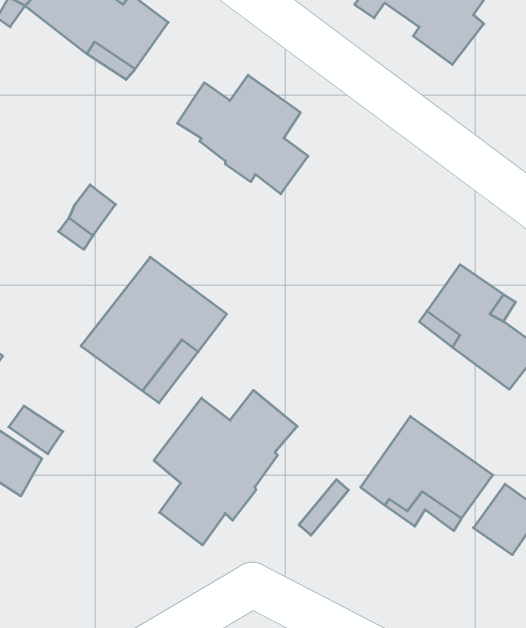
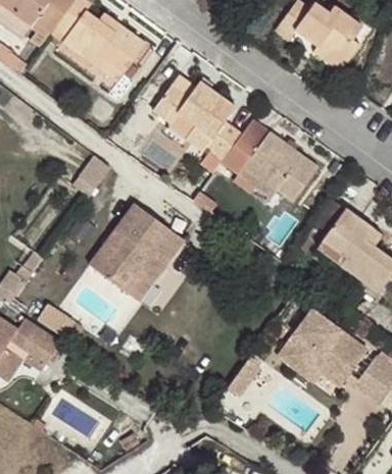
building: none -> [220,130,318,202]
building: [154,390,297,545] -> none

